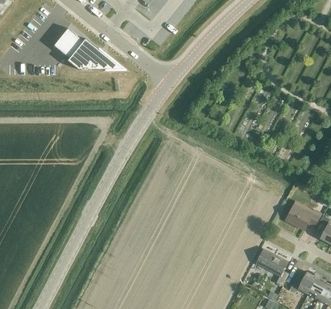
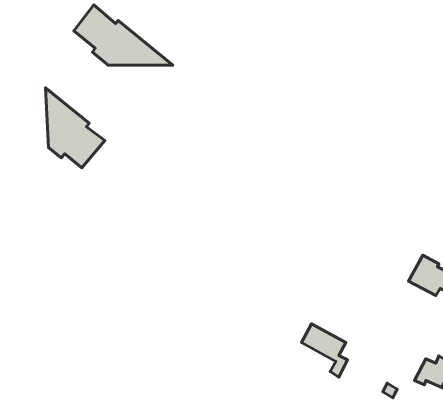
building: none -> [46,88,105,168]
building: [257,249,289,286] -> [301,324,347,377]

